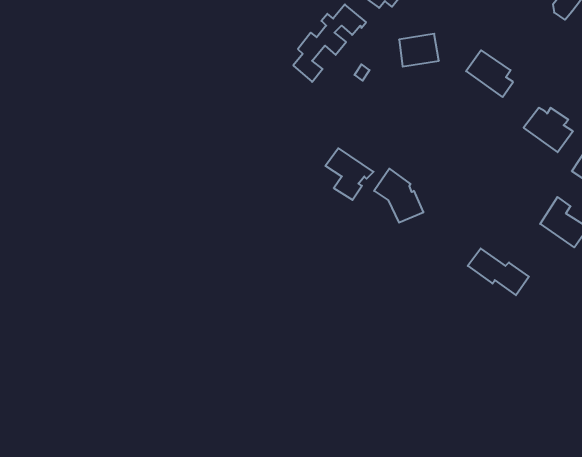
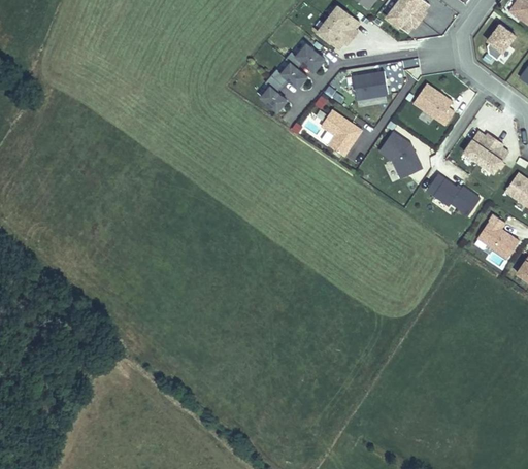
building: [325,148,374,200] -> [320,110,362,156]
building: [374,169,424,223] -> [378,131,422,178]
building: [468,248,529,295] -> [426,174,480,215]

